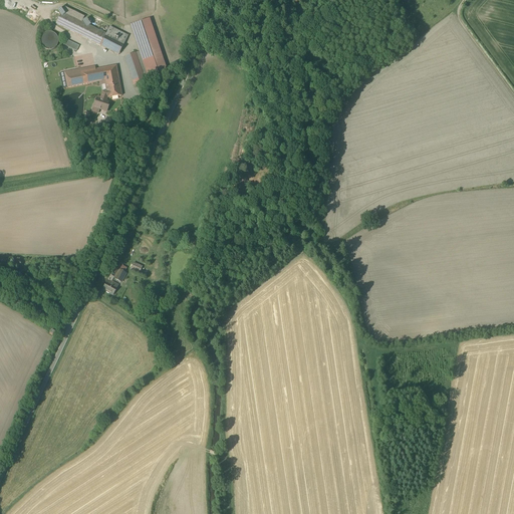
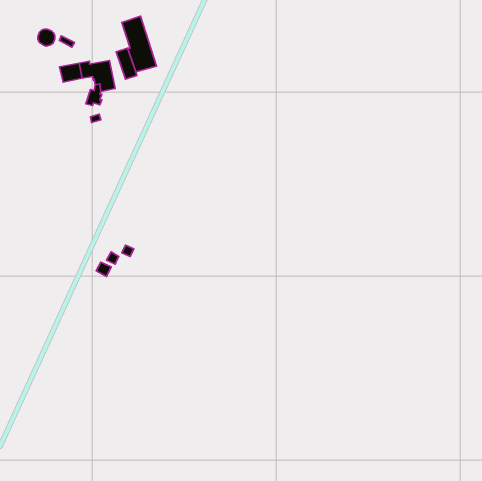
building: [55,6,127,54] -> none

